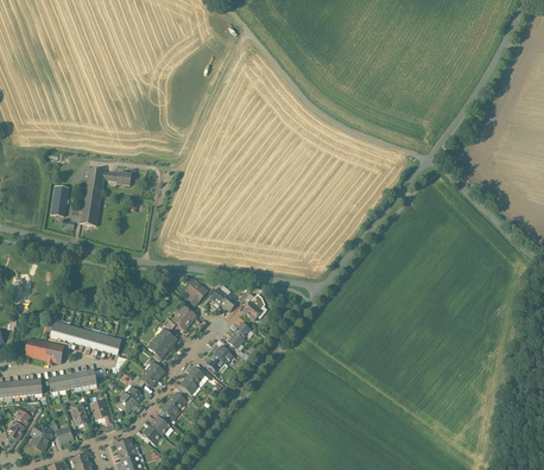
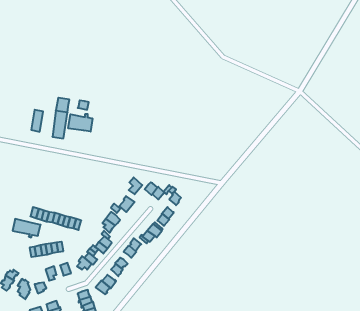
building: none -> [68,114,92,132]

